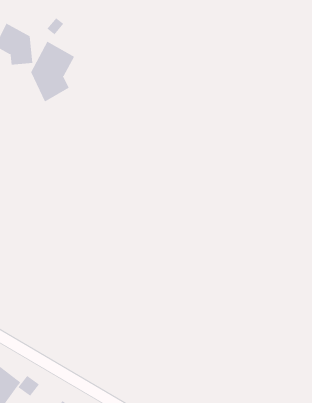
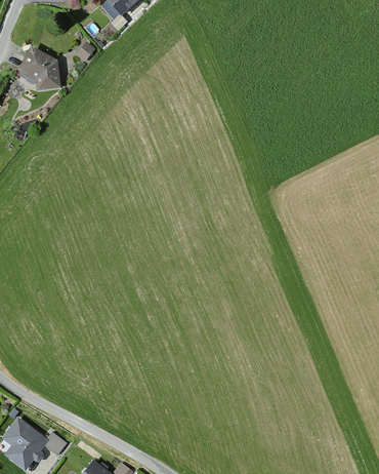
building: [30,41,75,103] -> none

